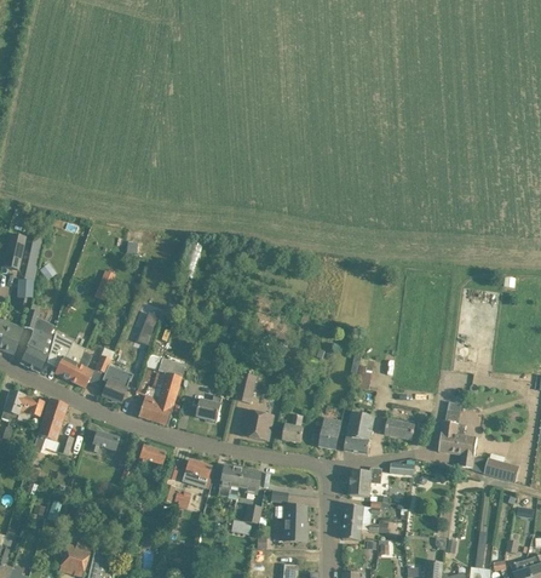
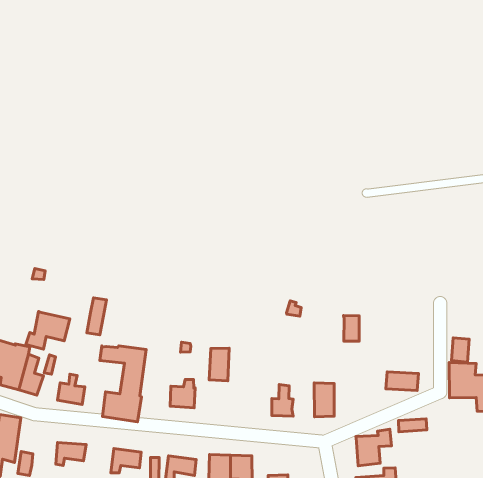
building: none -> [26,312,70,349]
building: [241,408,274,440] -> none
building: [344,411,374,453] -> none

